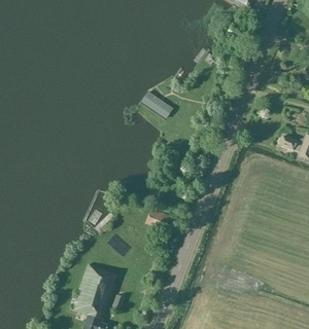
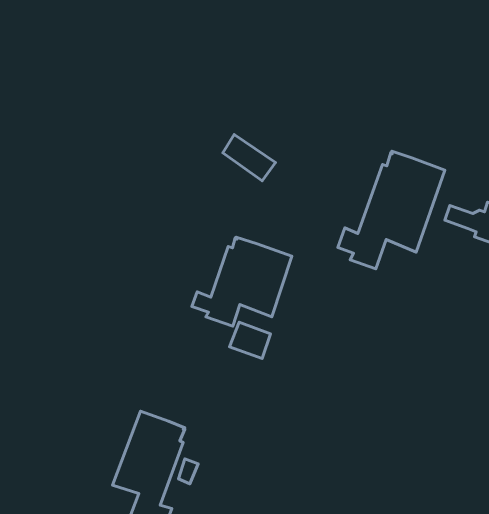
building: none -> [338,151,445,269]
building: none -> [192,237,292,326]

